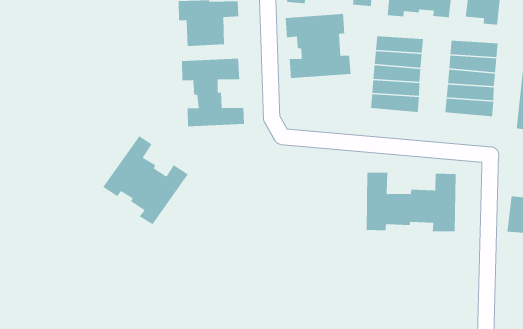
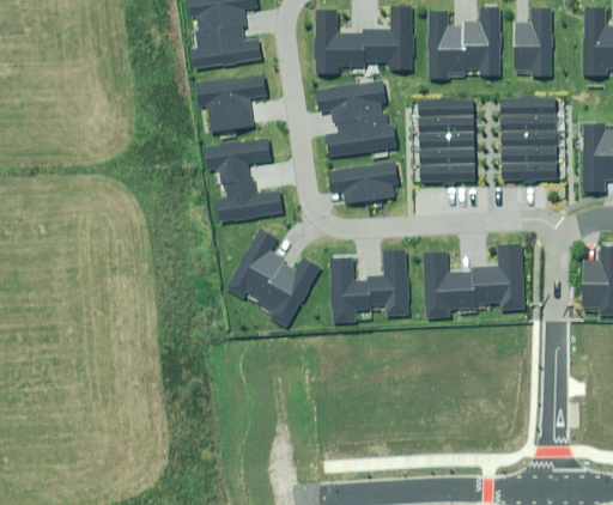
building: none -> [327,162,397,203]
building: [102,135,189,225] -> [225,227,320,325]
building: none -> [328,250,407,322]

